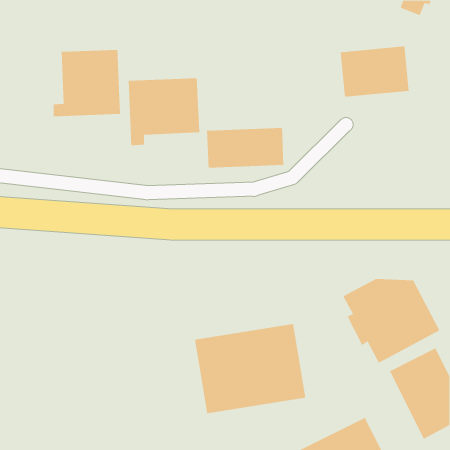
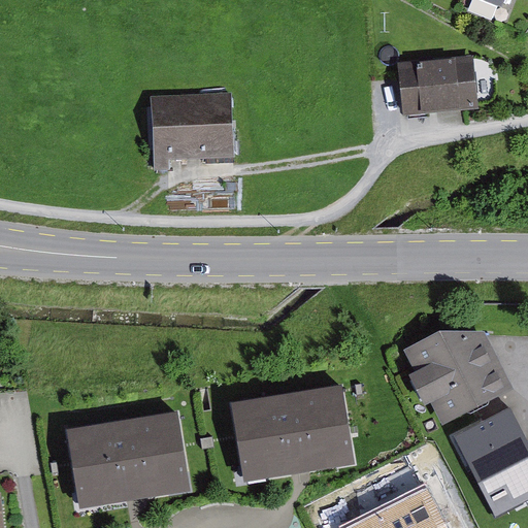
building: [53,49,121,117] -> none
building: [207,127,284,168] -> none
building: none -> [63,406,194,508]

